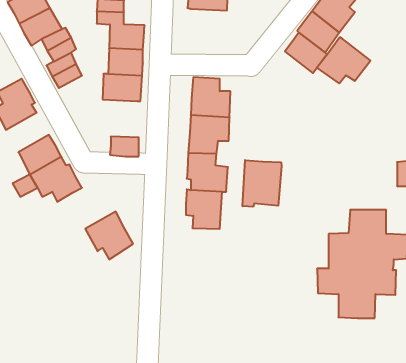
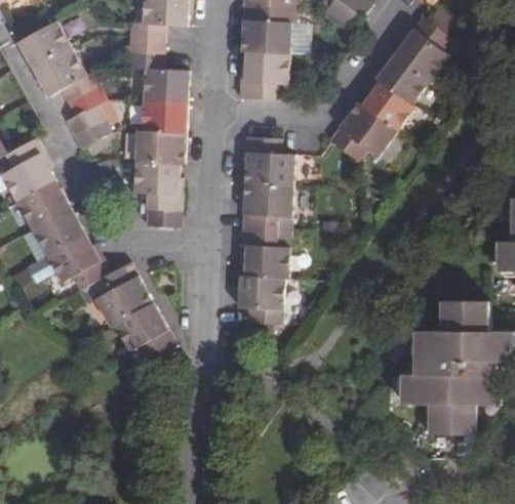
building: none -> [240,50,290,97]
building: [317,37,370,83] -> [330,101,397,159]
building: none -> [133,163,183,210]
building: none -> [15,179,69,228]
building: [243,160,282,207] -> none
building: none -> [93,262,152,328]

